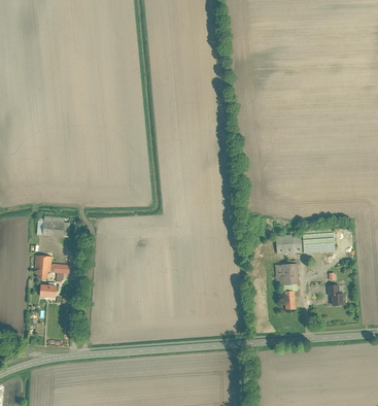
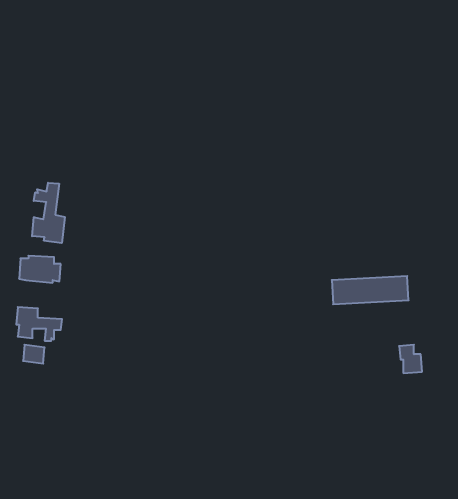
building: none -> [32,183,65,243]
building: [275,263,298,309] -> none

